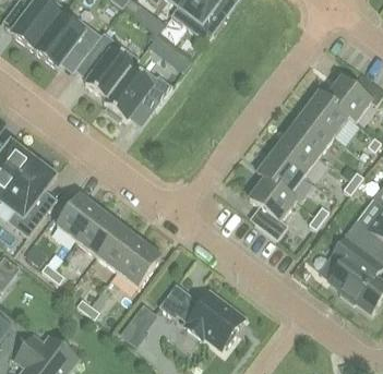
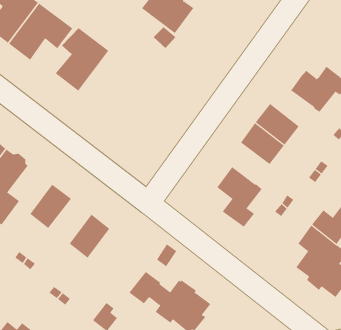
building: [104,58,172,120] -> none
building: [303,92,348,135] -> none
building: [258,152,303,194] -> none
building: [76,209,120,255] -> none
building: [117,240,160,286] -> none

